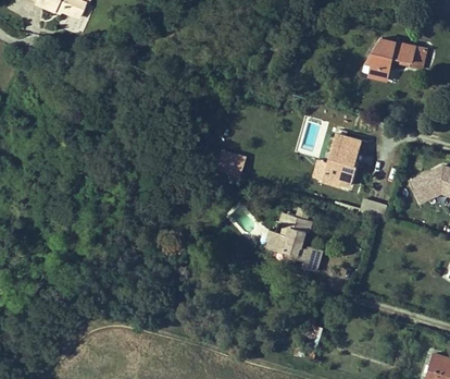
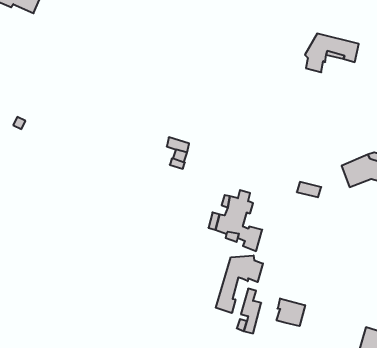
building: [323,134,362,186] -> none
building: none -> [216,255,263,313]
building: none -> [277,298,305,326]

